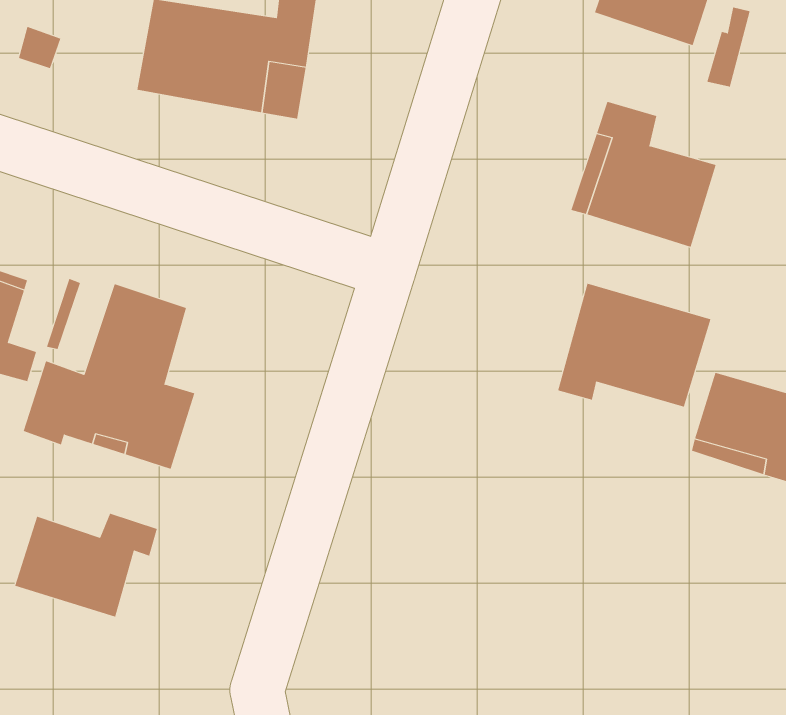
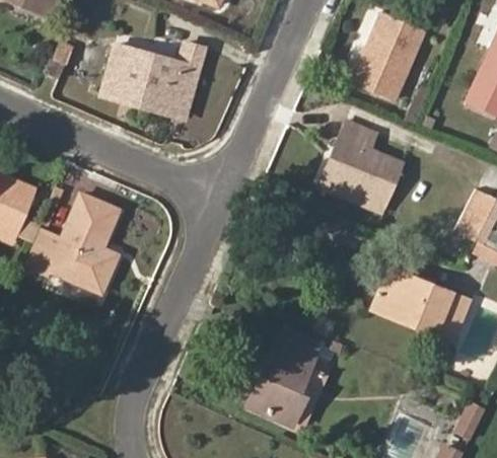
building: [557,283,711,407] -> none
building: [15,513,158,617] -> none
building: none -> [246,334,318,426]

